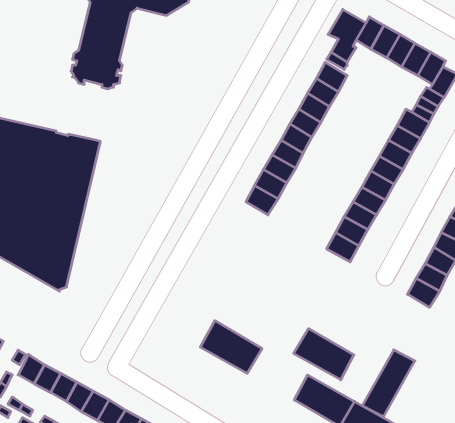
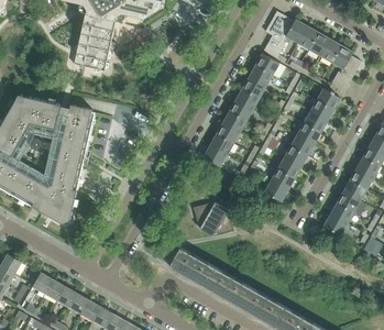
building: none -> [193,202,233,237]
building: [294,329,354,380] -> [204,267,249,306]
building: [362,350,415,417] -> none

